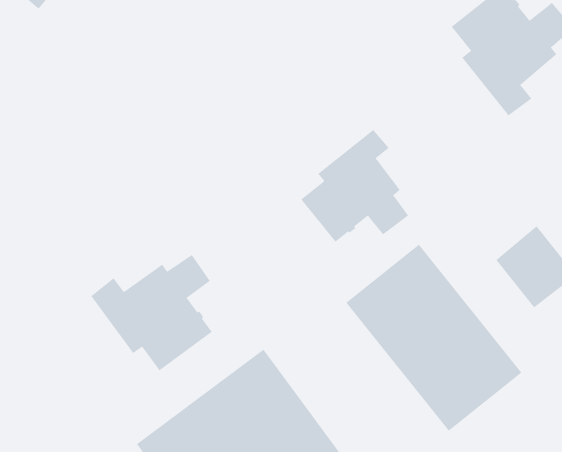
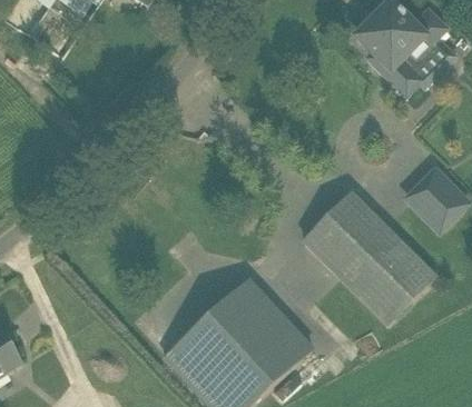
building: [301,129,409,243] -> none
building: [90,254,213,371] -> none

